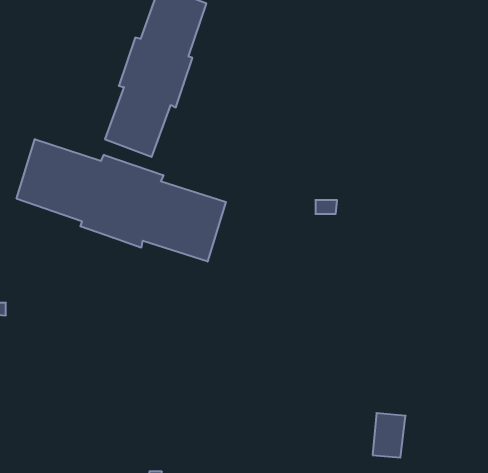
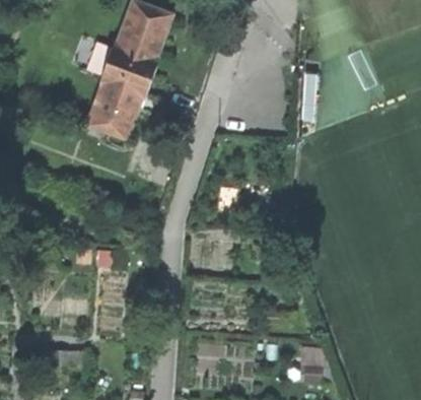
building: [17,139,226,262] -> none

